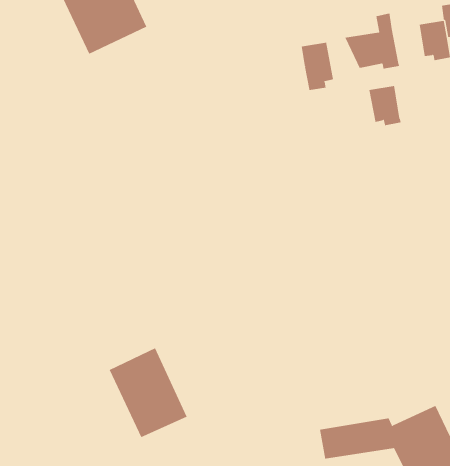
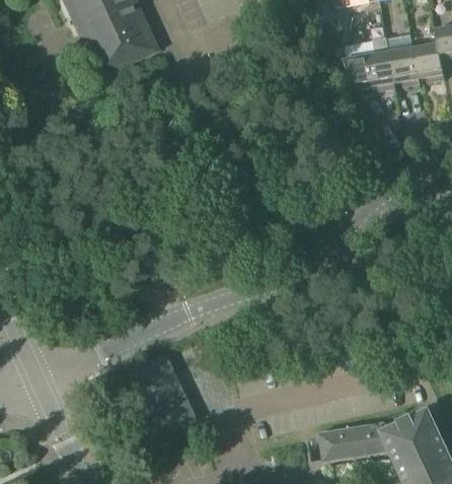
building: [301,42,334,91] -> none
building: [368,85,401,126] -> [389,46,421,84]

